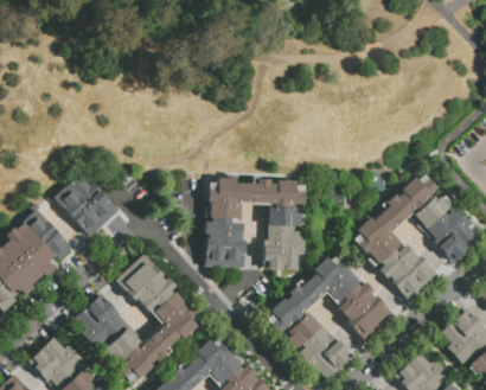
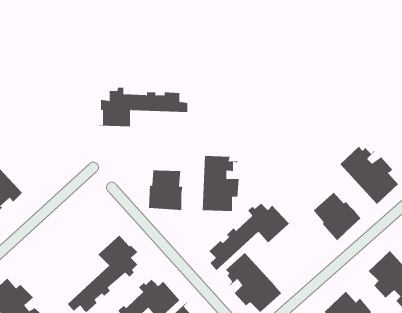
building: [57,175,117,235] -> none
building: [206,175,303,218] -> [98,87,188,127]
building: [354,177,435,266] -> none
building: [117,255,174,309] -> none
building: [340,286,392,340] -> none
building: [77,295,142,358] -> none

